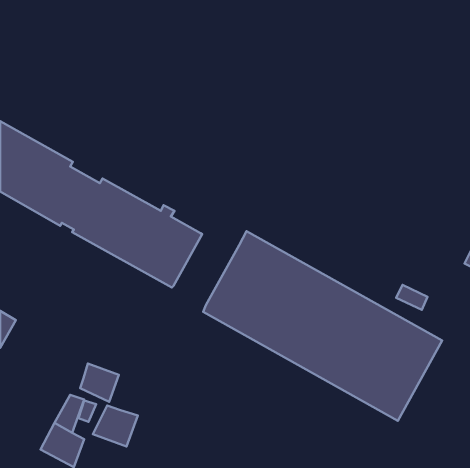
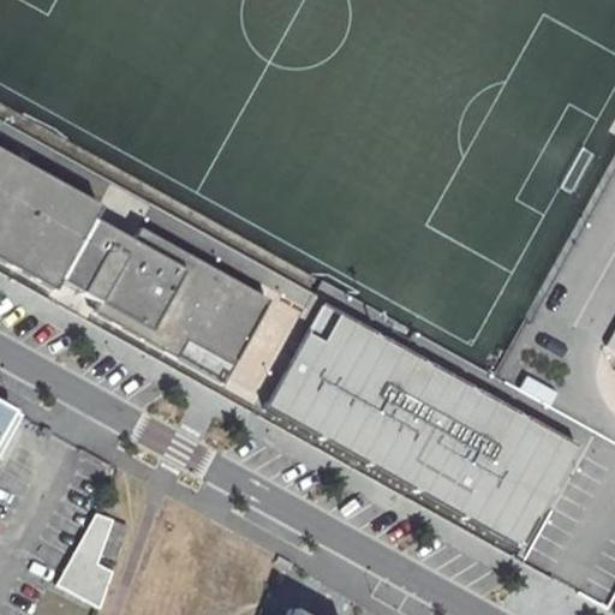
building: [80,364,119,402] -> none
building: [93,406,138,446] -> none

